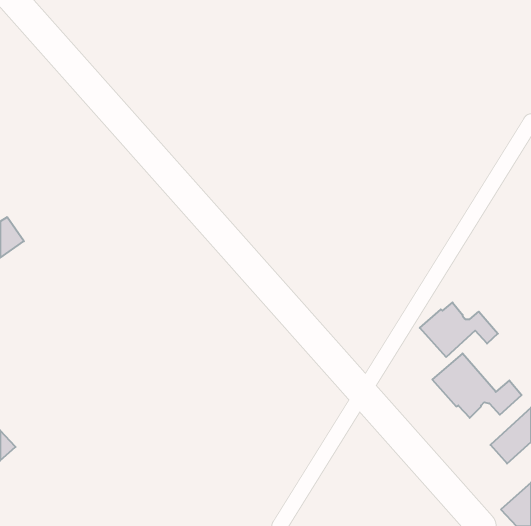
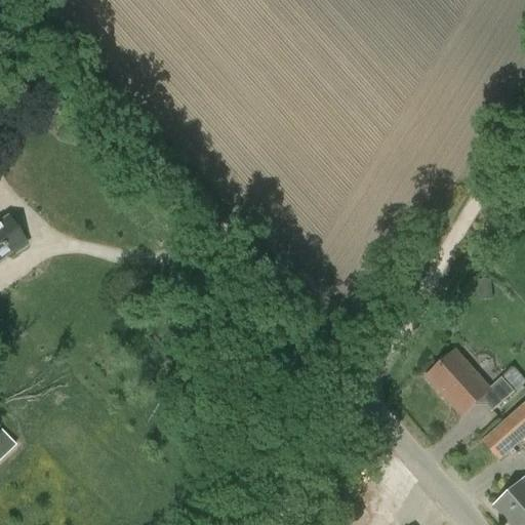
building: [420,302,498,357] -> none

